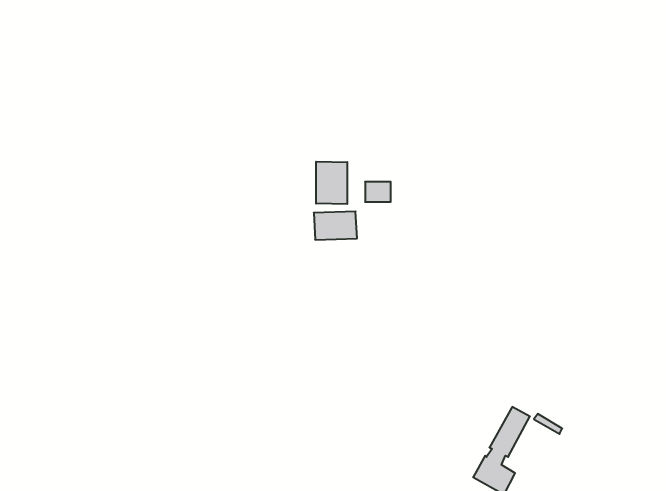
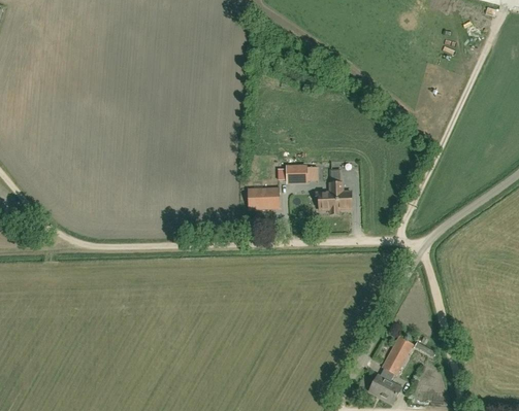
building: [316,162,347,204] -> none
building: none -> [316,182,352,213]

